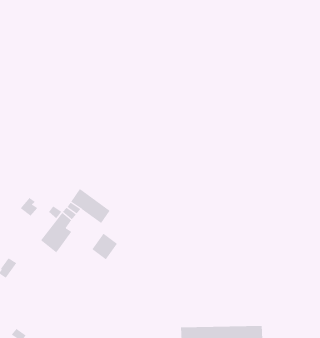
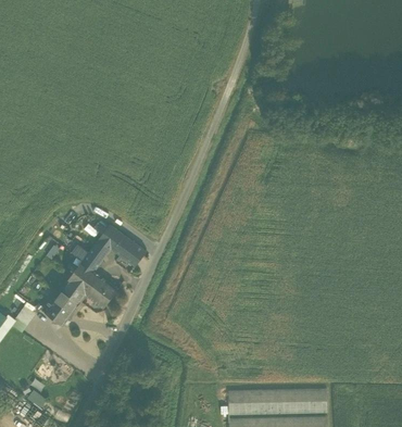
building: [91,233,118,260] -> [85,276,116,309]
building: none -> [41,286,80,326]

